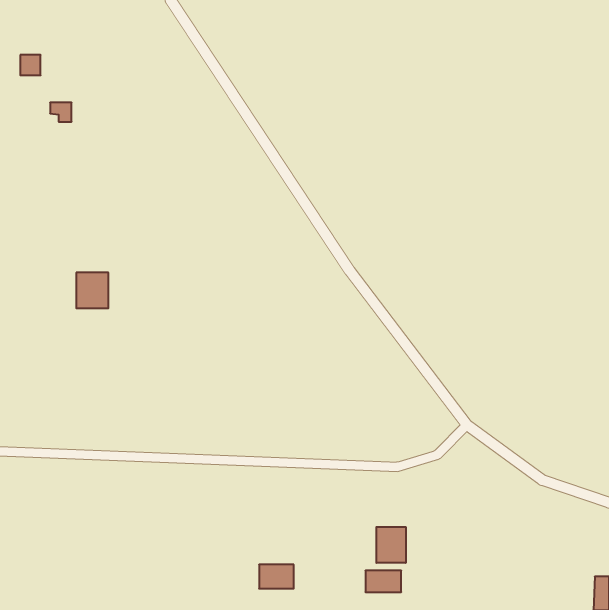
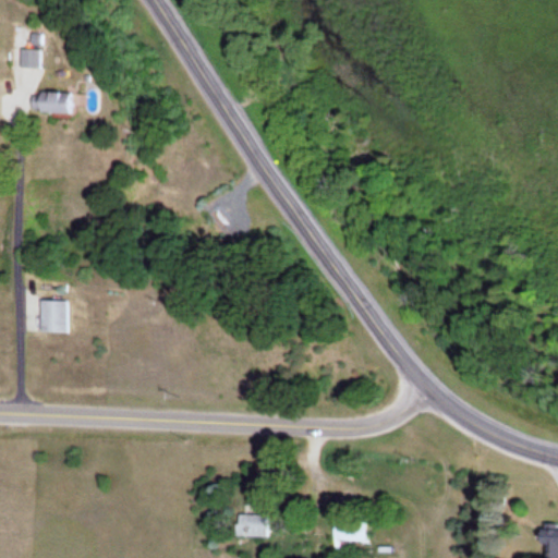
building: [76,273,108,308] -> [40,301,70,333]
building: [376,527,406,563] -> none

